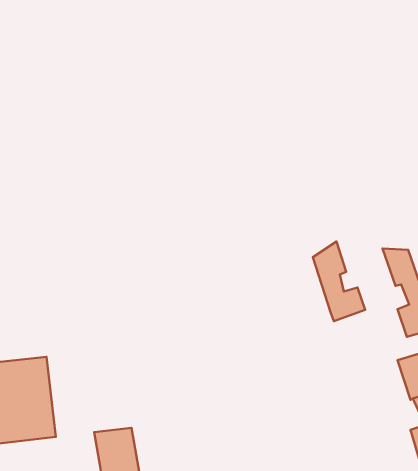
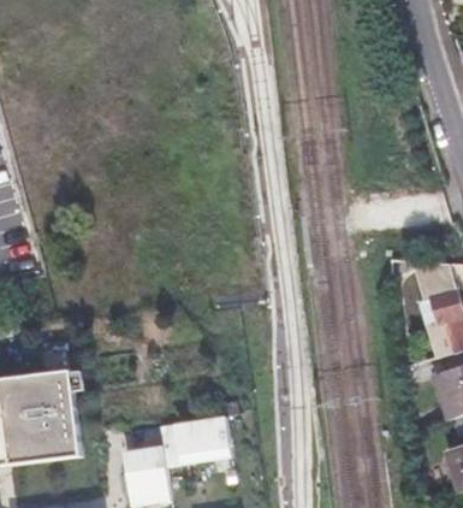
building: [313,241,365,321] -> none
building: none -> [160,415,230,465]

